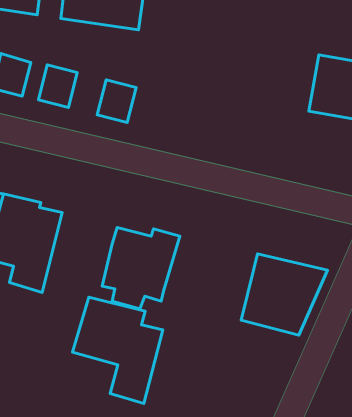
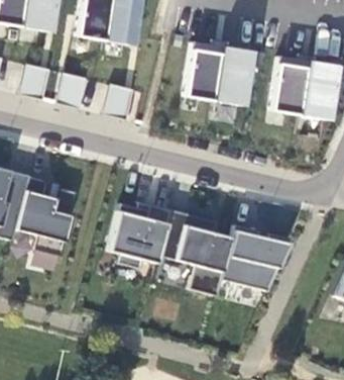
building: none -> [189,46,255,105]
building: [73,297,163,404] -> [159,210,232,296]

